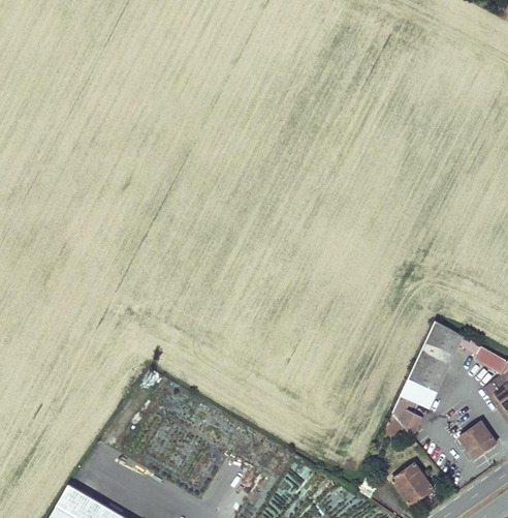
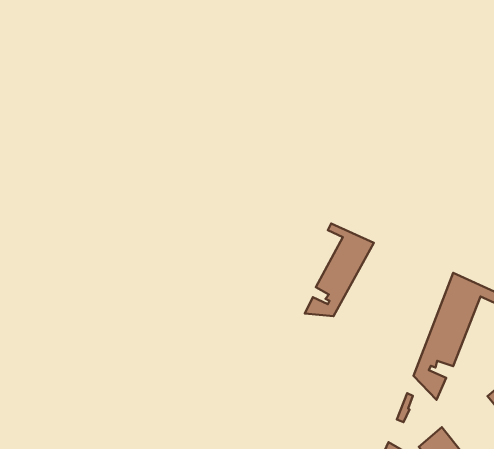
building: none -> [305,223,374,316]

